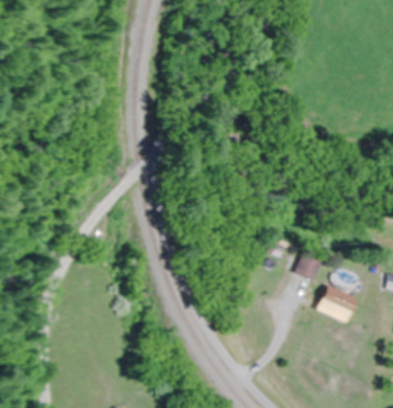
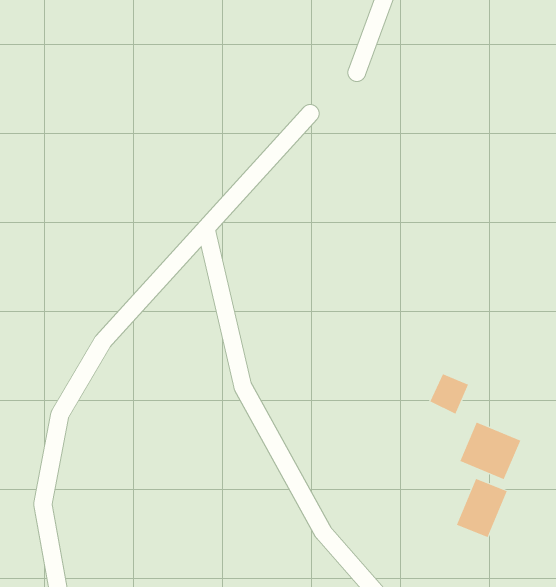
building: none -> [456,478,507,538]

